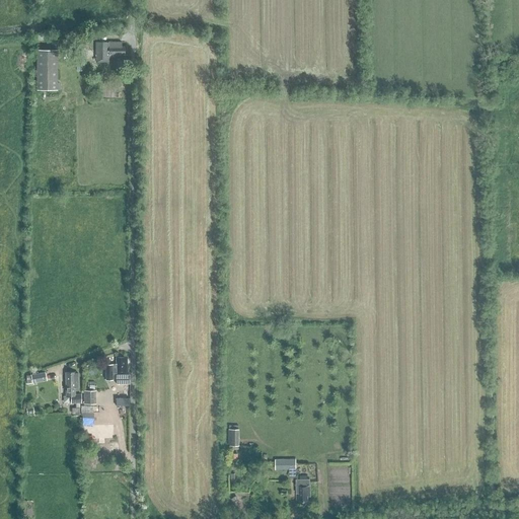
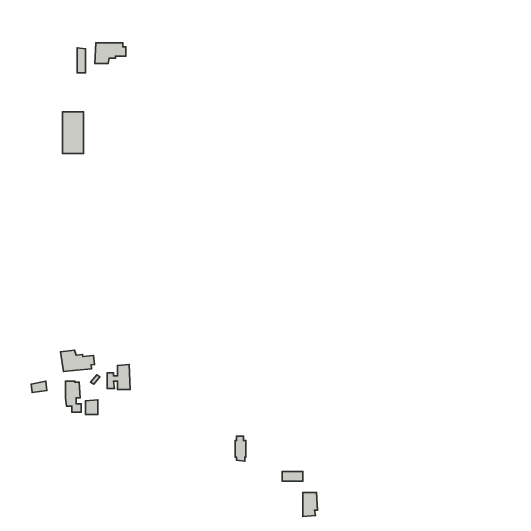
building: [35,50,56,90] -> [63,112,83,153]
building: none -> [60,350,94,371]

